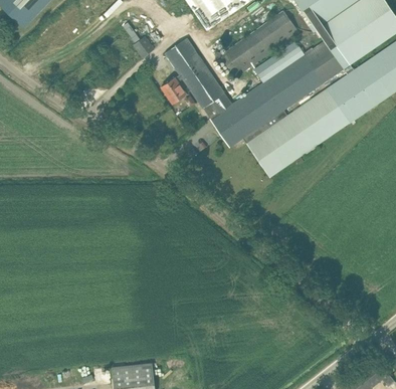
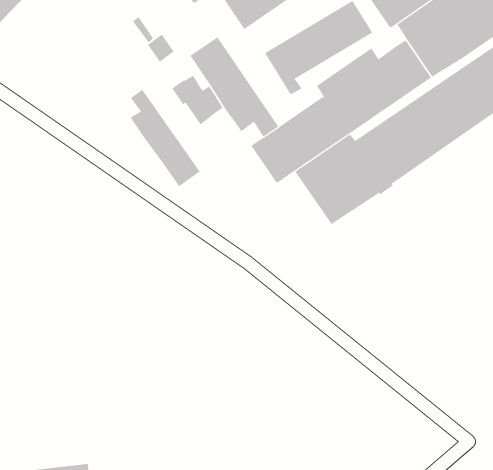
building: none -> [130,89,200,187]

